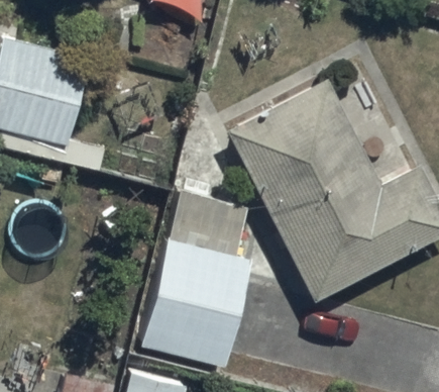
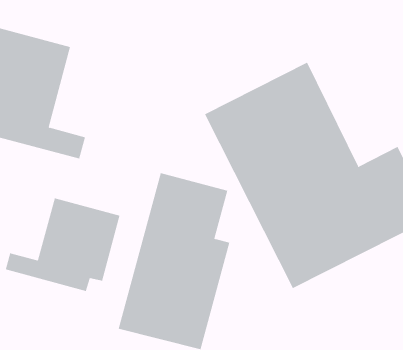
building: none -> [5,197,120,292]

